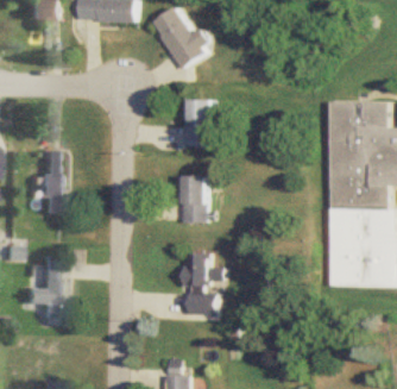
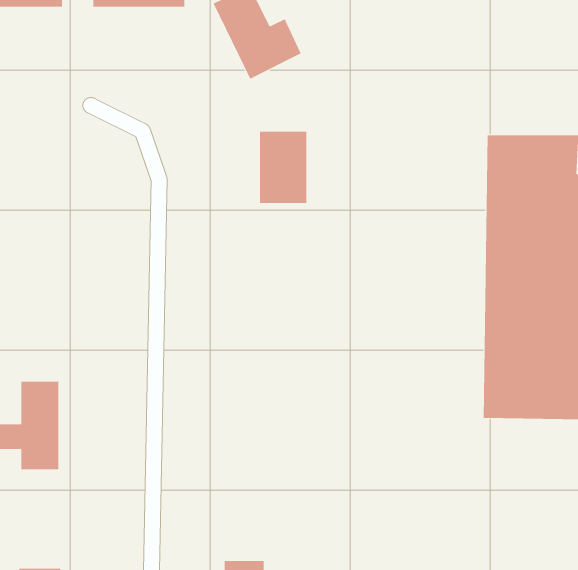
building: [33,151,61,215] -> none
building: [183,176,209,222] -> none
building: [185,253,223,315] -> none

